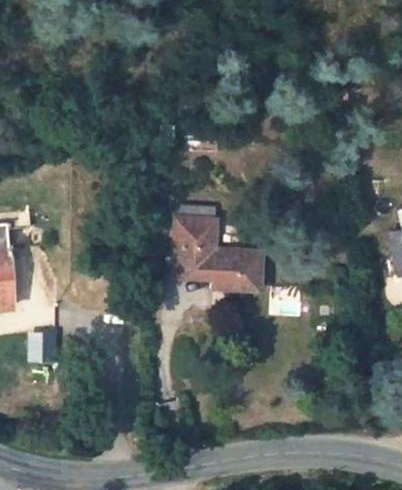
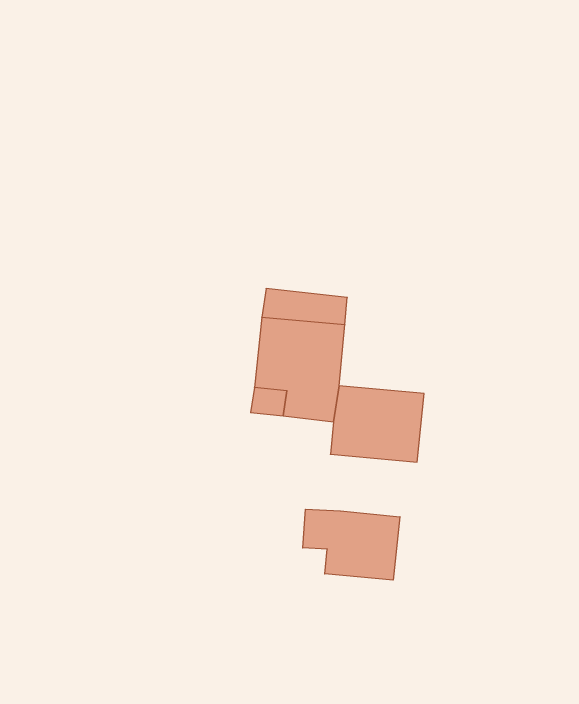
building: none -> [303,509,400,580]

